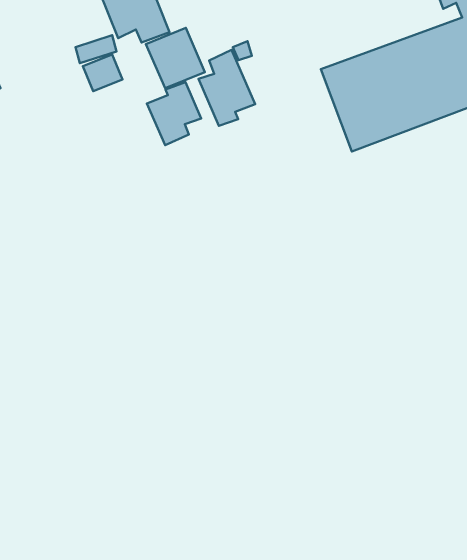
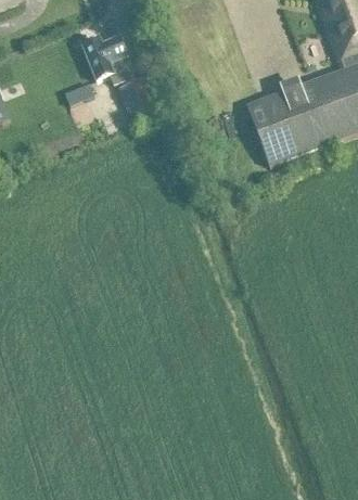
building: [199,50,255,126] -> none
building: [147,82,201,145] -> none

